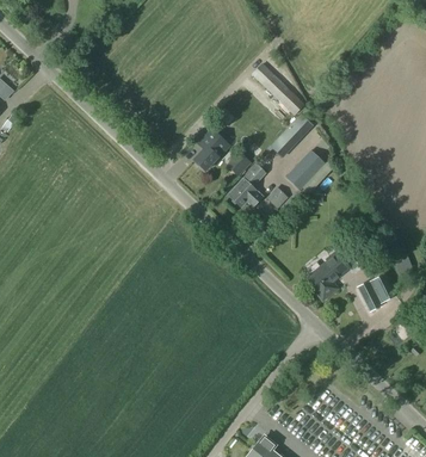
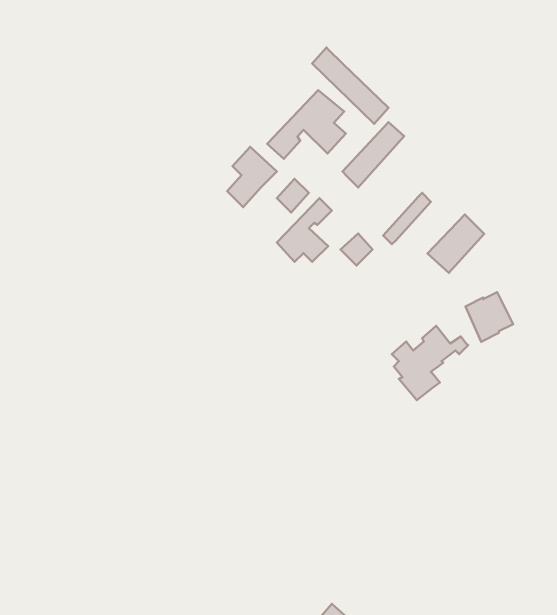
building: none -> [267,90,346,159]
building: [285,150,323,190] -> [428,214,484,273]
building: [357,277,389,310] -> [465,292,513,342]

